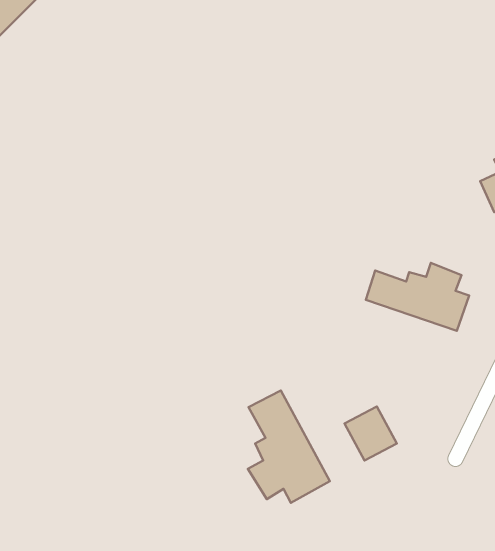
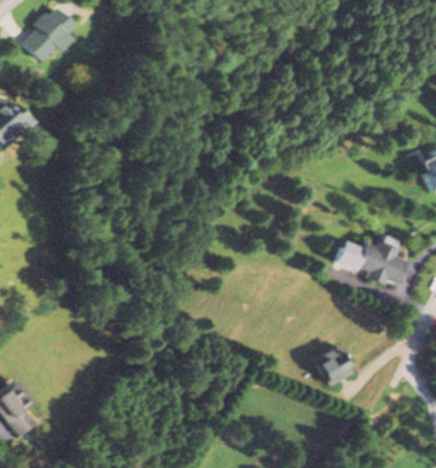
building: [248,390,330,503] -> none

